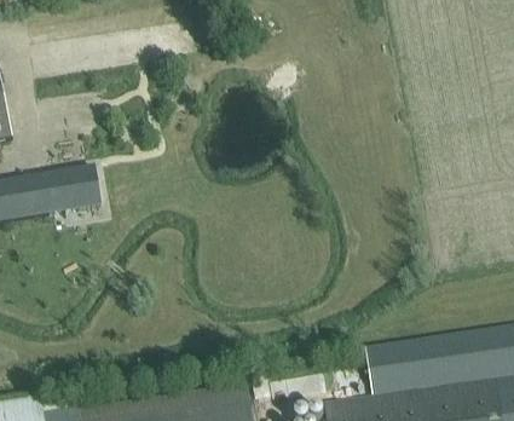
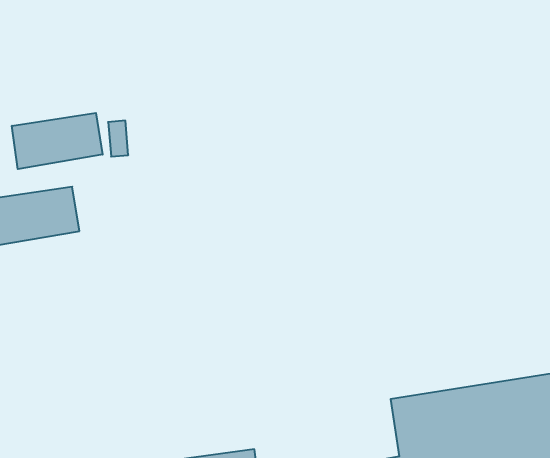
building: none -> [12,113,103,169]

